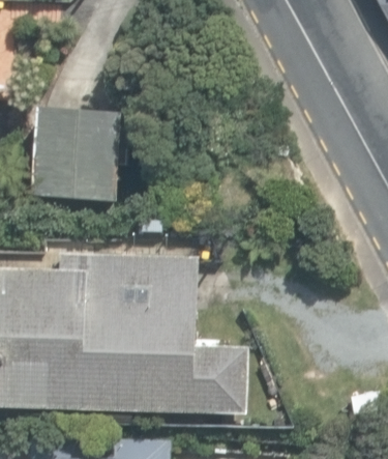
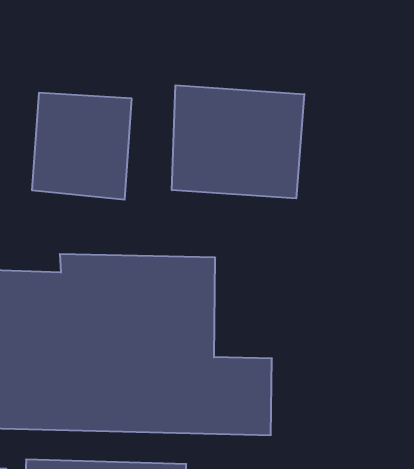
building: none -> [172,85,304,198]

